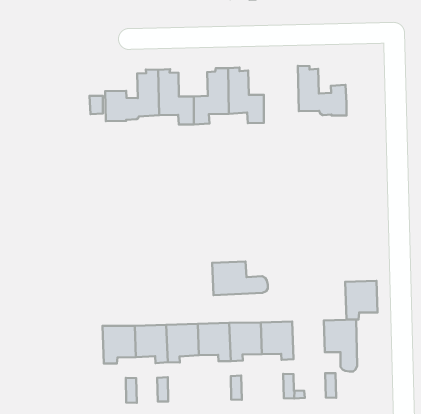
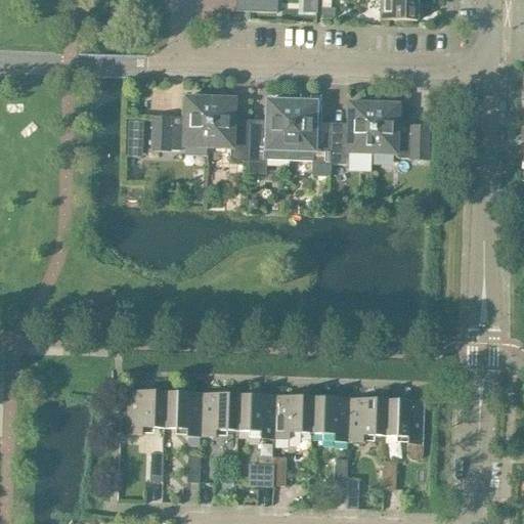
building: none -> [331,98,375,163]
building: [212,261,268,295] -> none
building: [345,281,377,320] -> [349,397,387,442]
building: none -> [251,455,274,484]

